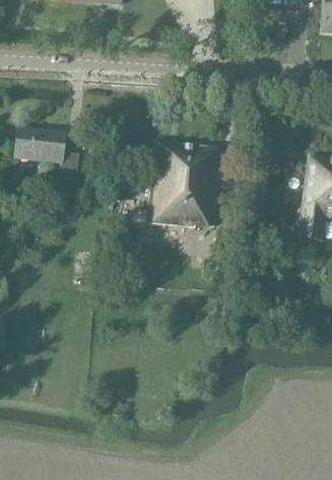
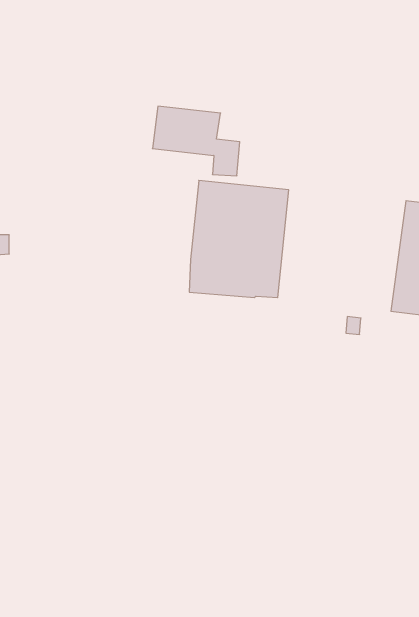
building: [14,126,79,178] -> [152,106,240,176]

